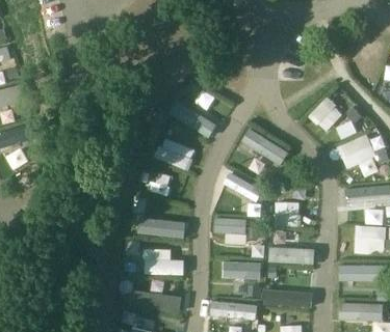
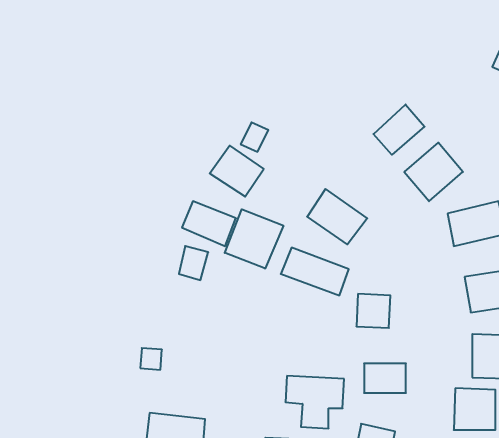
building: none -> [373,104,425,155]
building: none -> [225,209,283,269]
building: [148,214,178,238] -> none
building: [214,219,246,240] -> none
building: [144,248,176,273] -> none

